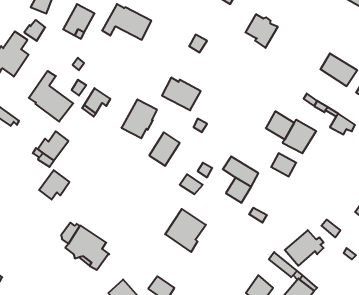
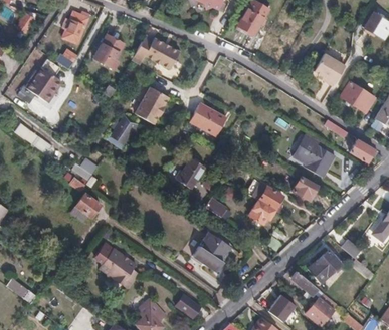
building: [245,14,278,48] -> [313,53,344,85]
building: [29,71,73,122] -> none
building: [121,99,157,138] -> [134,86,168,123]

